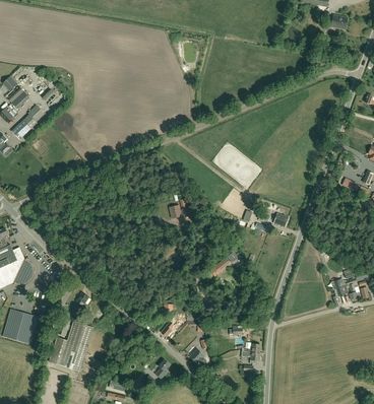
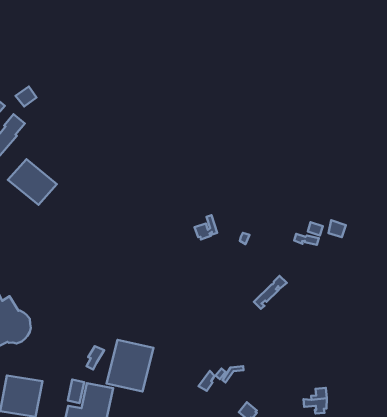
building: none -> [8,159,57,205]
building: none -> [106,340,153,392]

